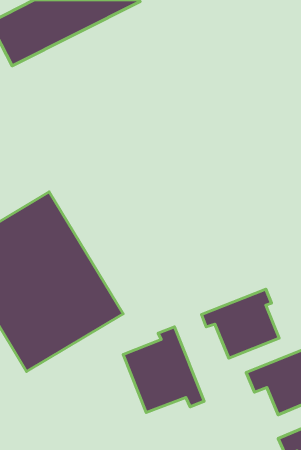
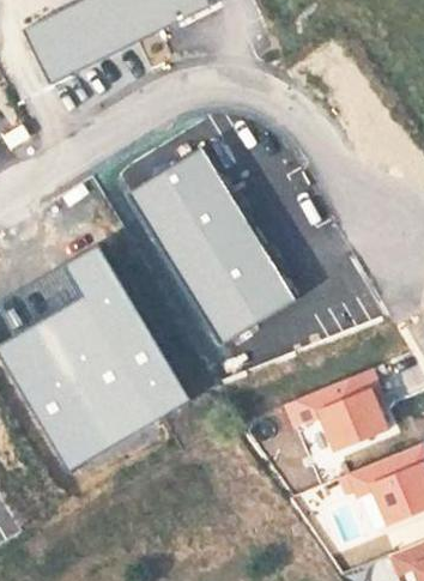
building: none -> [129,147,295,344]
building: [123,327,204,412] -> none

